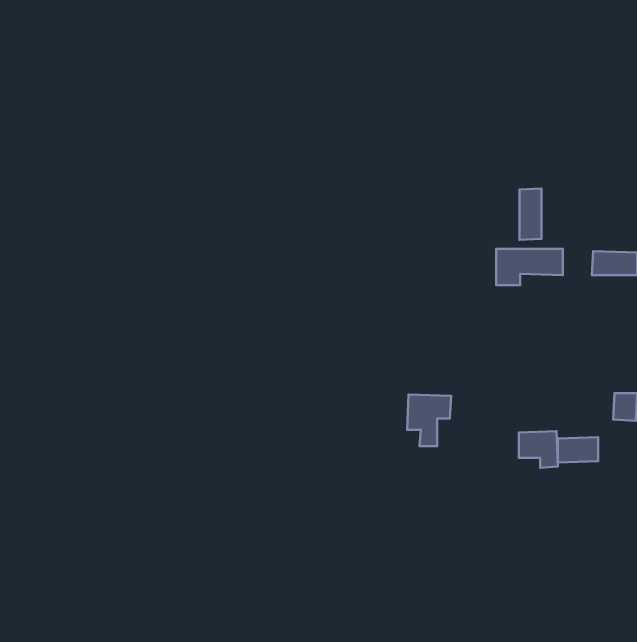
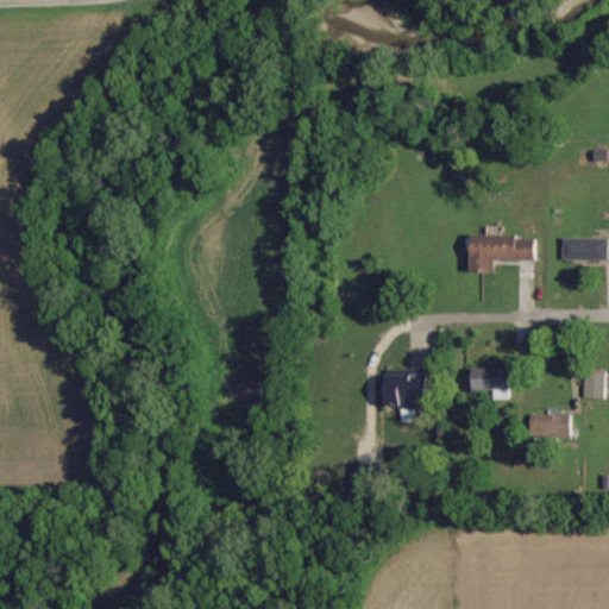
building: [520,189,541,240] -> none
building: [519,431,558,468] -> [471,365,508,400]

